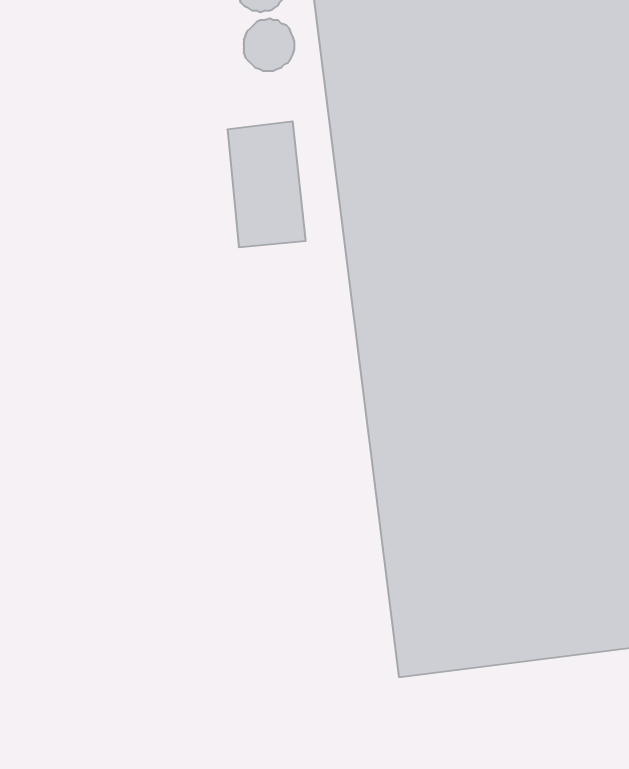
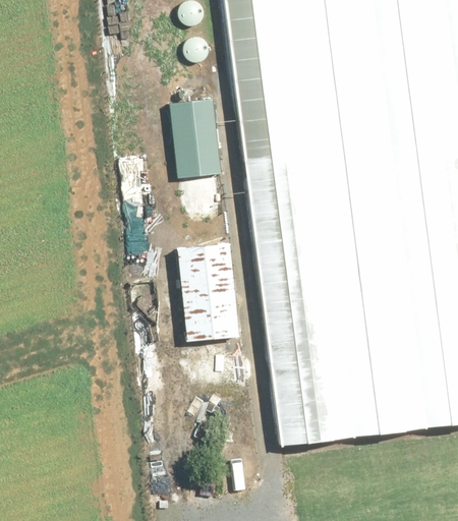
building: none -> [179,242,238,342]

